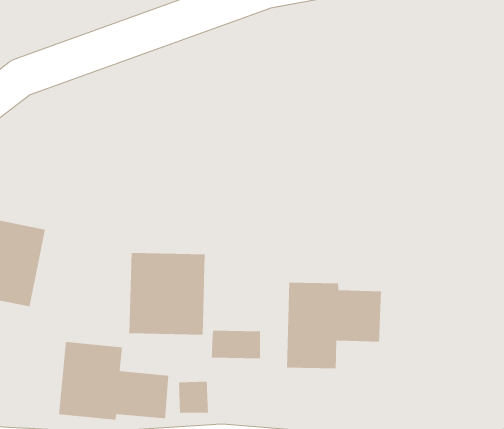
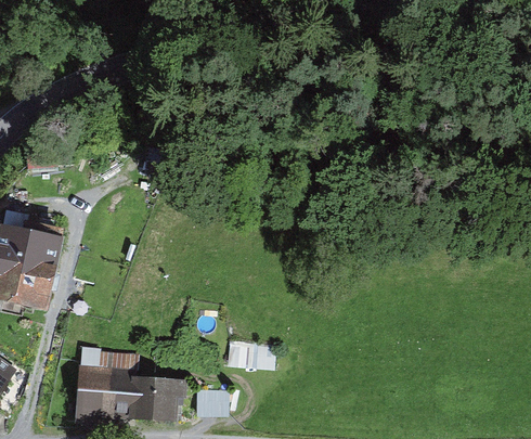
building: [129,252,206,336] -> none
building: [286,282,382,369] -> none

